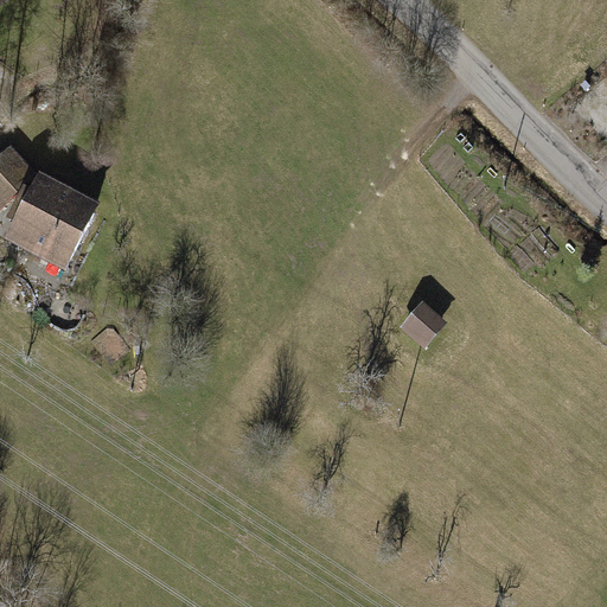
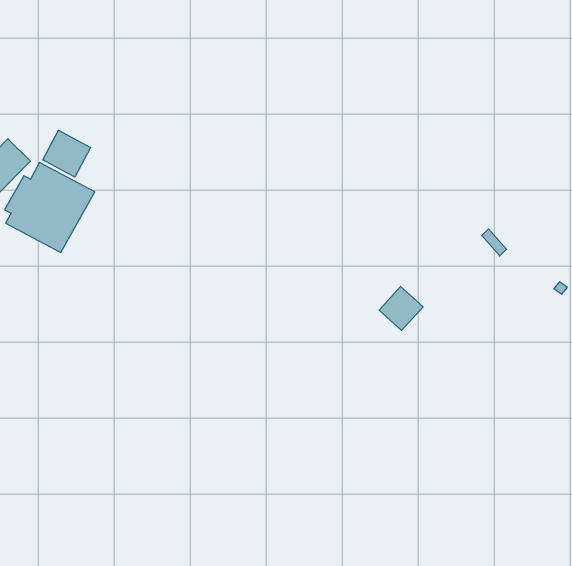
building: none -> [43,130,91,177]

